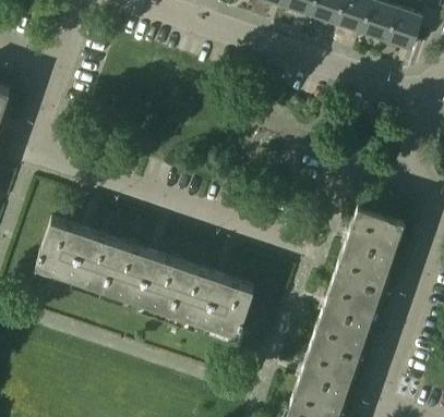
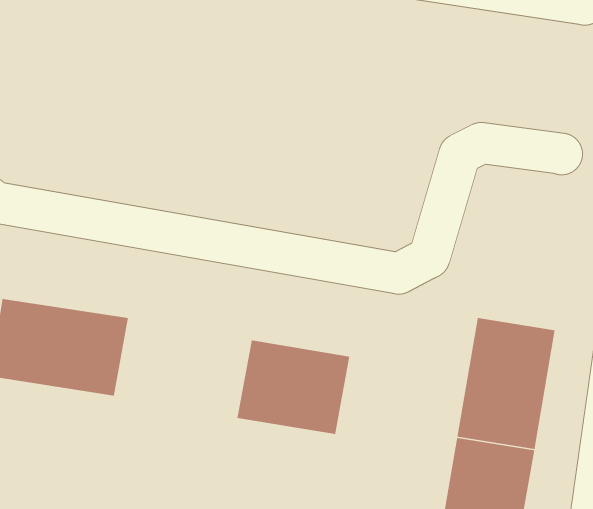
building: [334,204,405,292] -> none
building: [109,243,196,314] -> none

